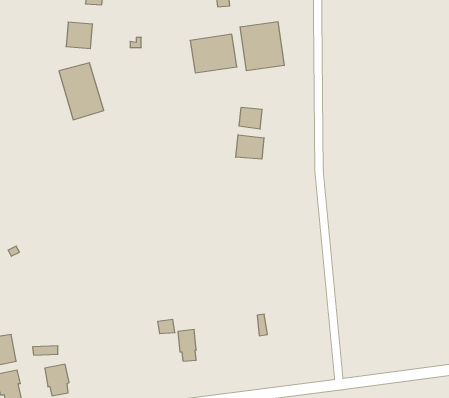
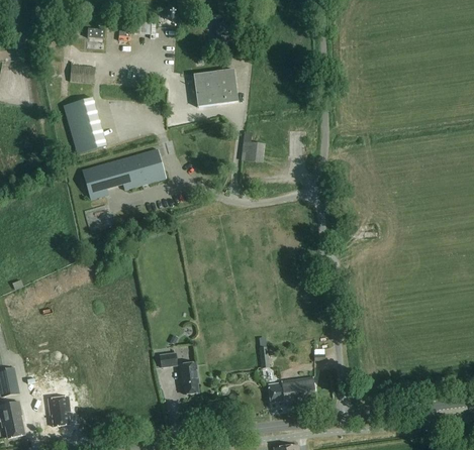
building: [240,22,284,71] -> none
building: none -> [83,149,166,200]
building: [236,135,264,159] -> none
building: none -> [269,375,316,406]

